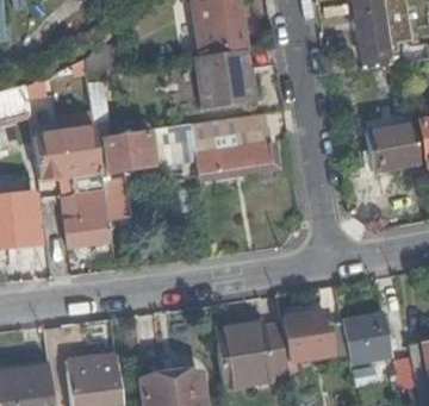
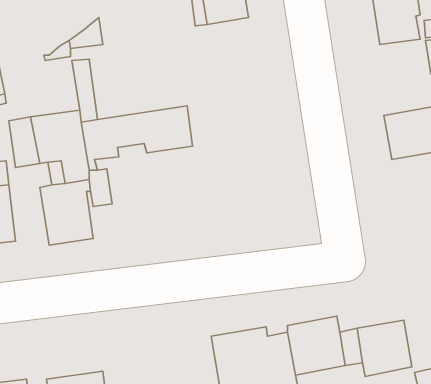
building: [194,51,249,110] -> none
building: [192,113,274,173] -> none

